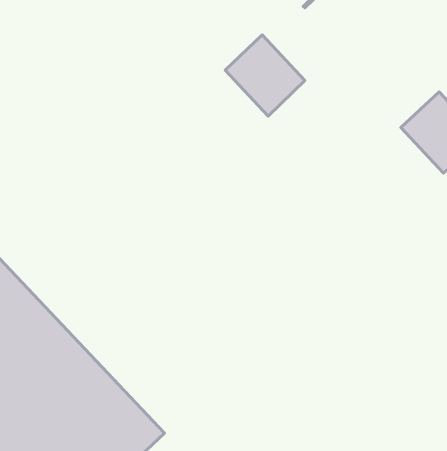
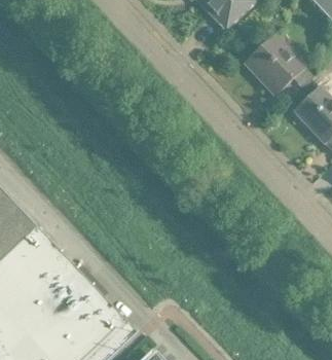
building: [225,35,305,116] -> [250,34,305,91]

